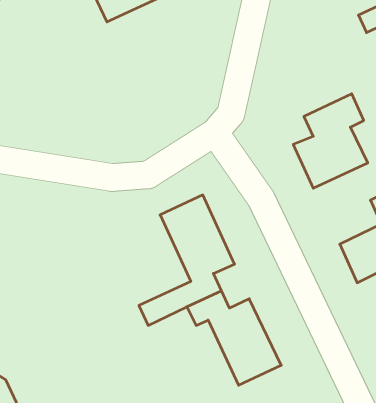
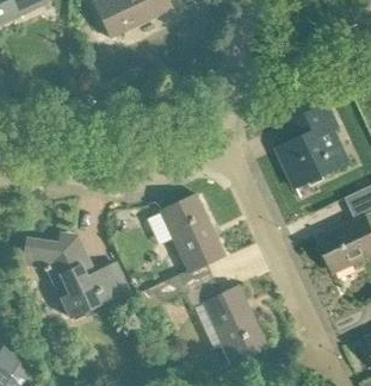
building: none -> [21,231,131,317]

